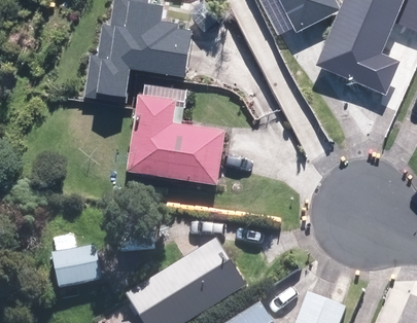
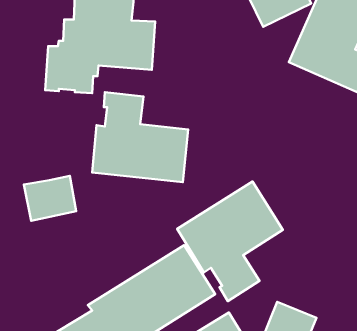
building: none -> [177,181,283,301]
building: [51,245,102,288] -> [24,176,76,221]

